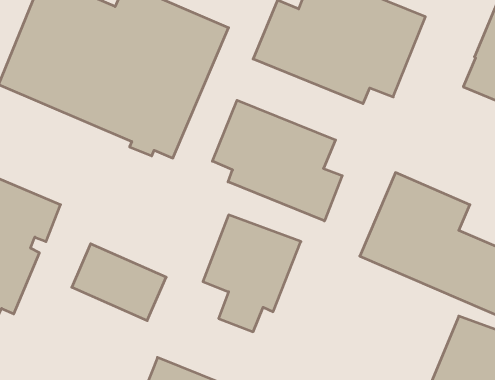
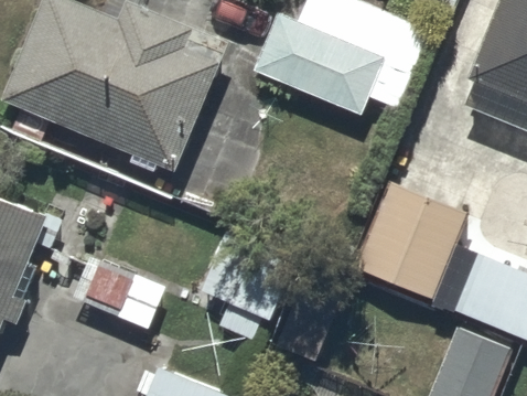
building: [212,100,342,221] -> none

